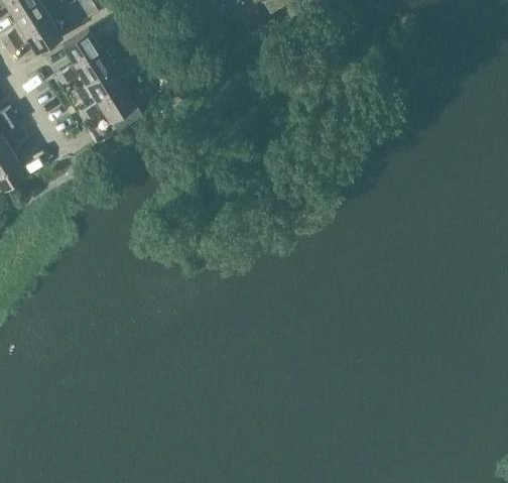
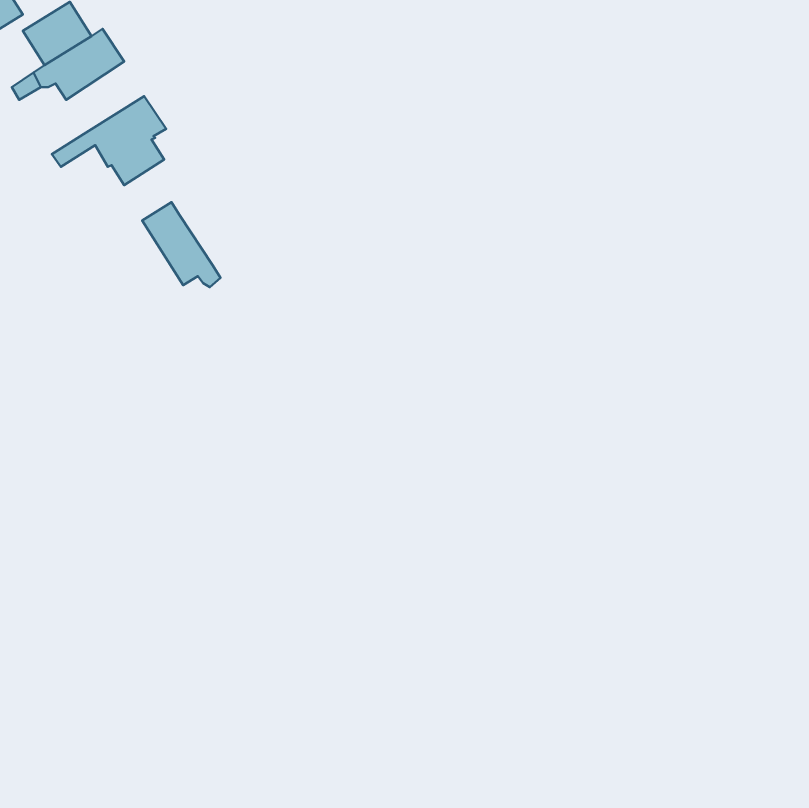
building: [85,62,128,101] -> none
building: none -> [142,202,221,287]

